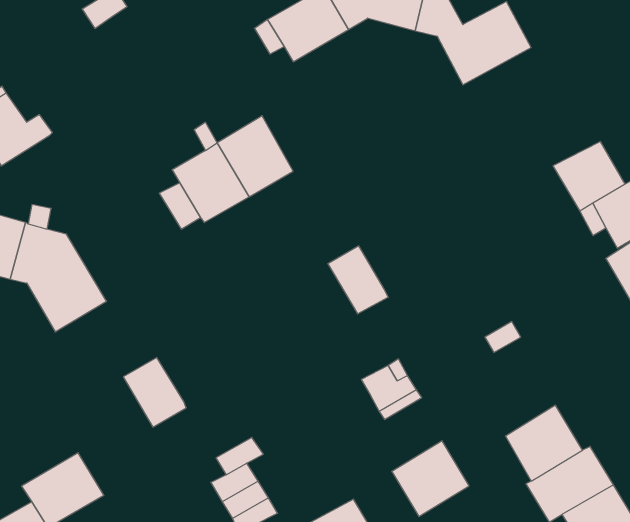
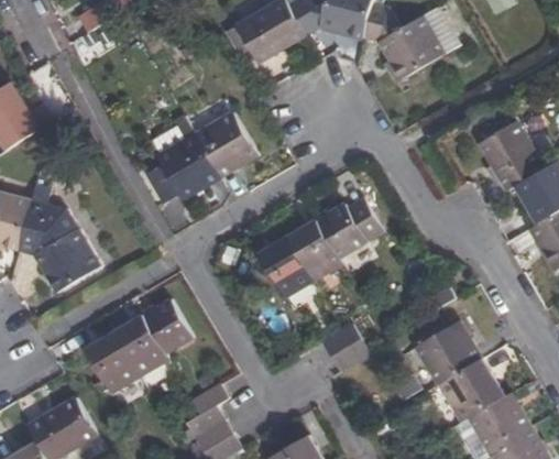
building: none -> [314,198,382,258]
building: none -> [256,236,313,295]
building: none -> [141,299,193,353]
building: none -> [84,332,138,391]
building: [392,441,469,517] -> [416,318,482,383]

